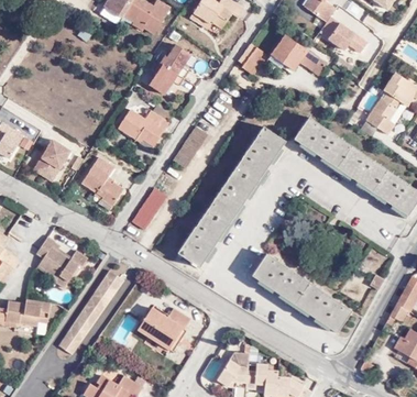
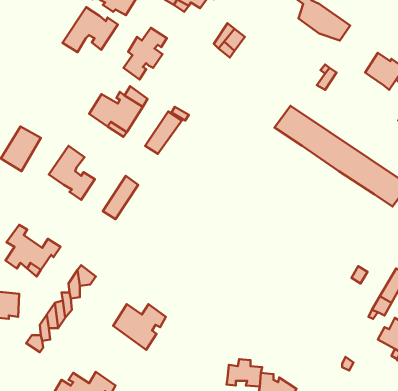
building: none -> [63,7,118,52]
building: [270,35,322,74] -> none
building: [363,91,399,133] -> none
building: [177,124,285,266] -> none
building: [252,255,351,333] -> none
building: [220,352,252,387] -> none

